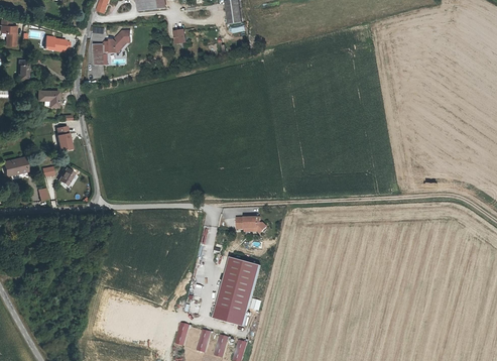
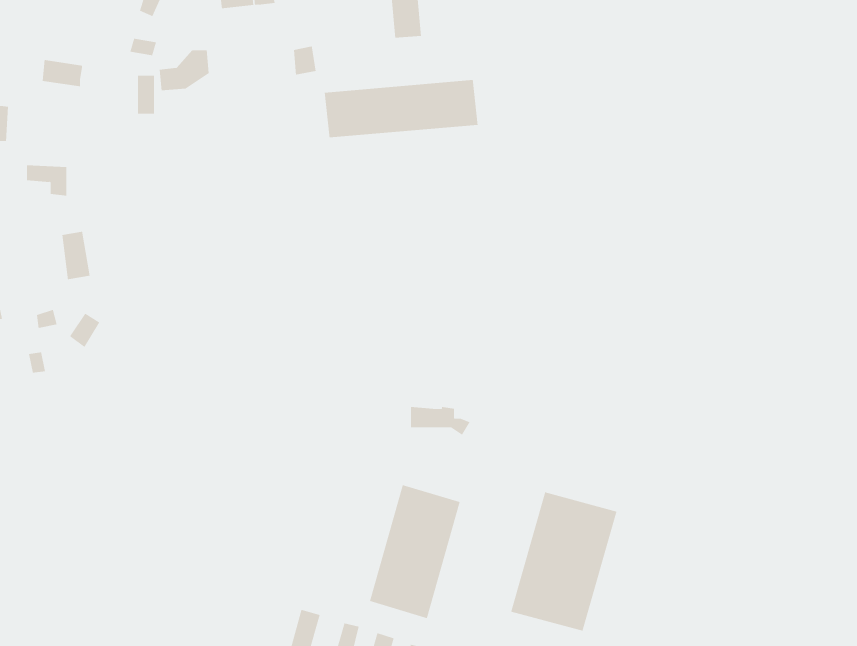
building: none -> [324,79,478,138]
building: none -> [511,492,617,632]

